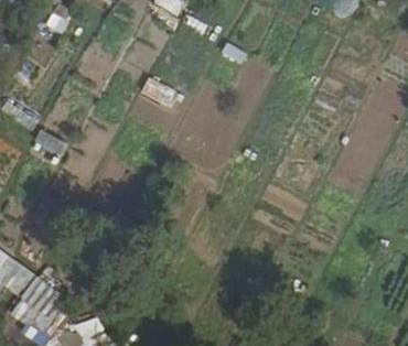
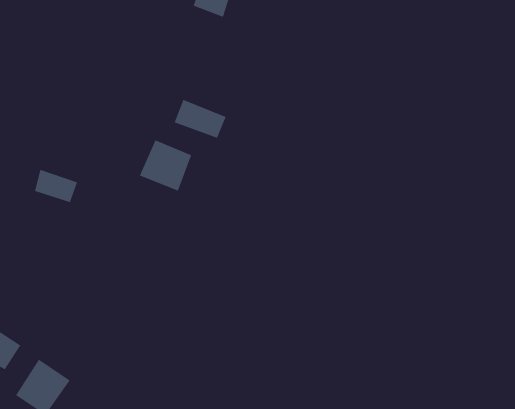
building: none -> [139,140,192,192]

